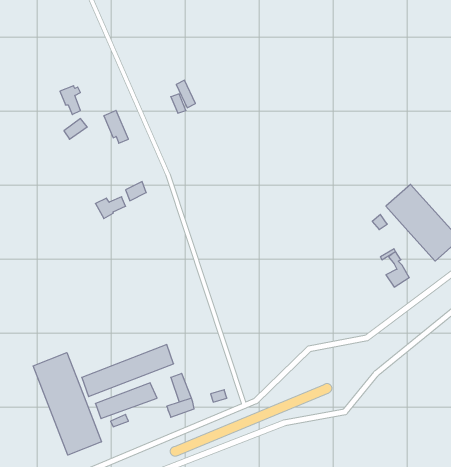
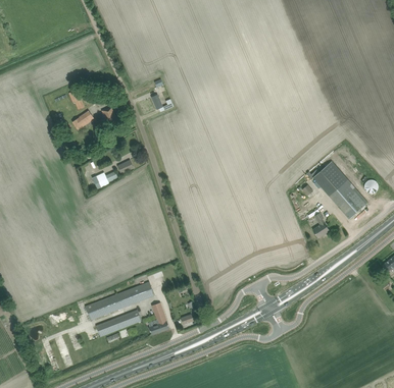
building: [33,353,101,455] -> none

